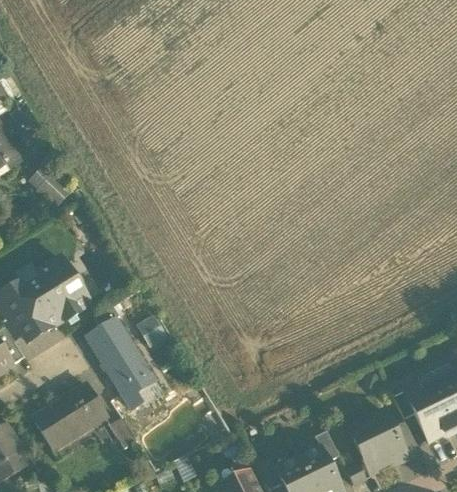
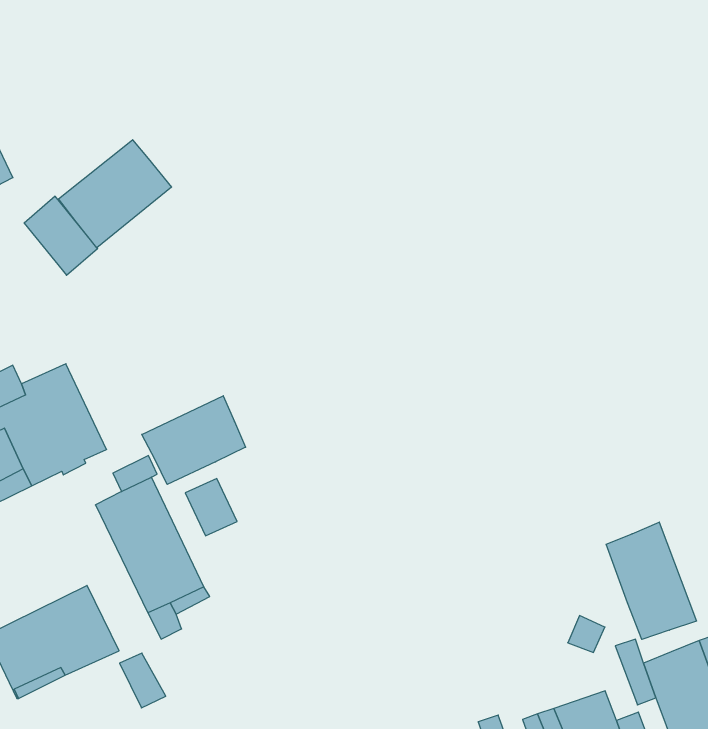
building: none -> [58,140,172,248]
building: none -> [142,396,246,484]
building: none -> [606,522,697,639]

